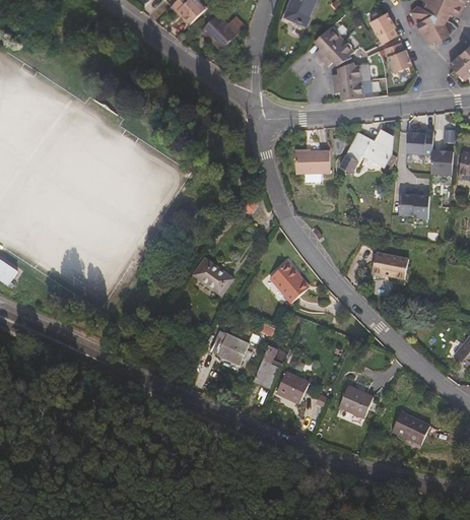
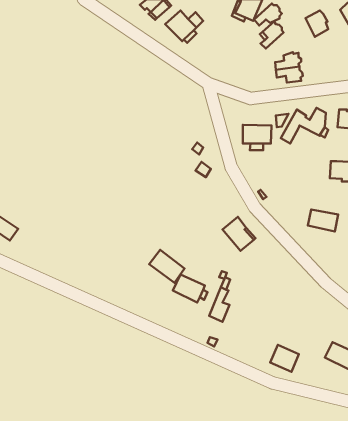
building: [321,40,354,66] -> [254,3,282,25]
building: [384,43,411,70] -> none
building: [191,256,233,296] -> [149,250,185,283]
building: [276,371,310,403] -> none
building: [339,385,374,417] -> [270,345,299,372]

